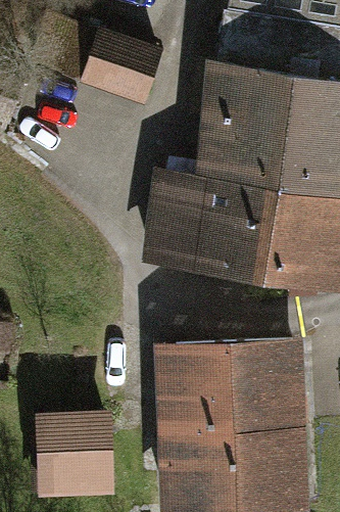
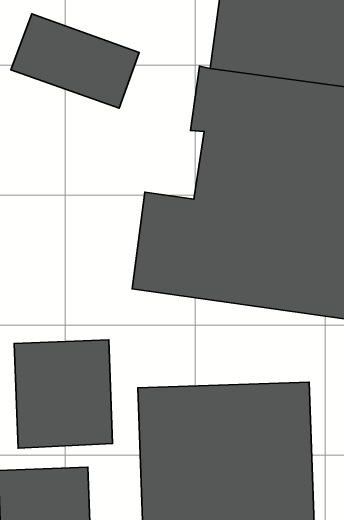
building: none -> [14,340,113,448]

